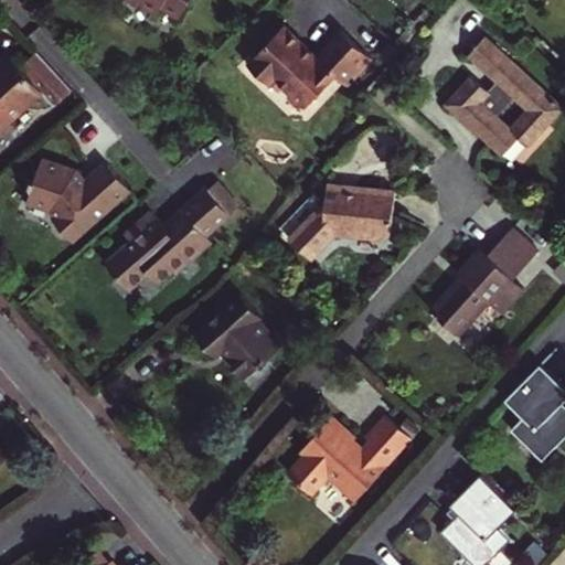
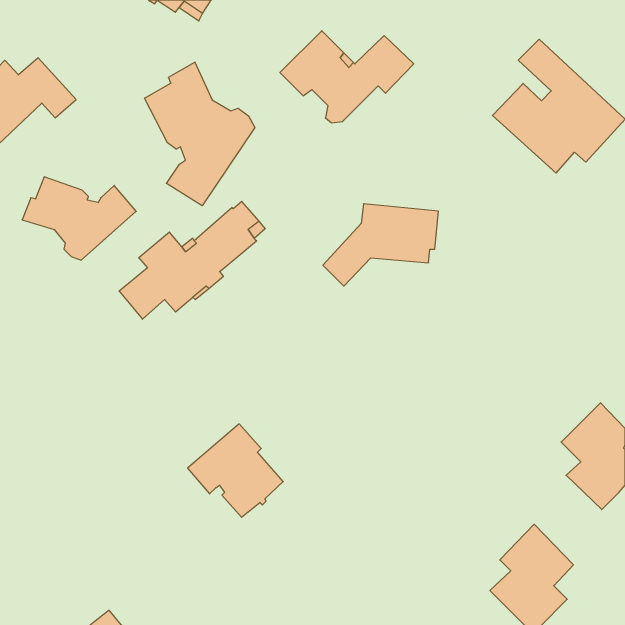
building: none -> [145,62,255,206]
building: [429,235,535,337] -> none
building: [195,295,281,379] -> [188,424,283,517]
building: [286,415,409,500] -> none

